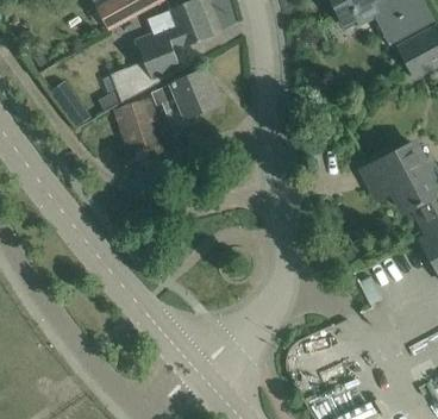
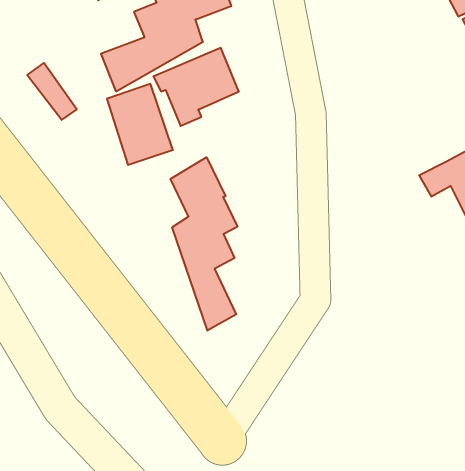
building: none -> [171,157,237,331]

